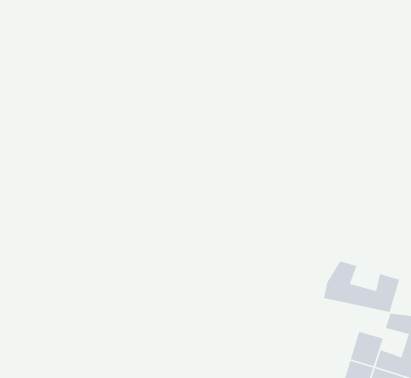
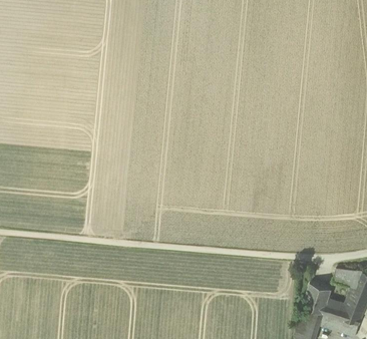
building: [323,260,400,313] -> none

